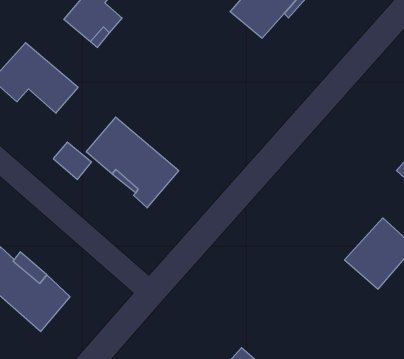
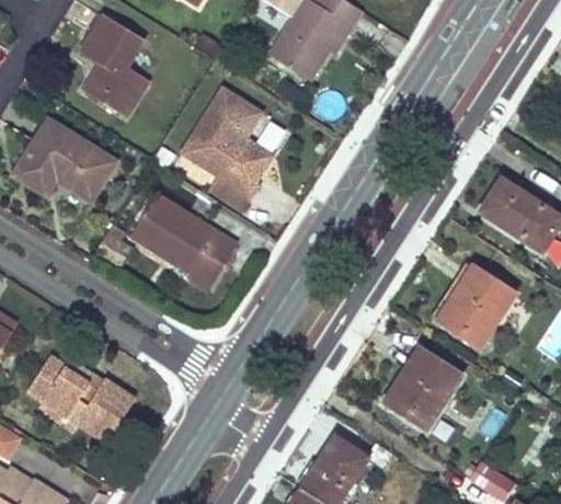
building: none -> [181,88,273,210]
building: none -> [385,344,462,425]

